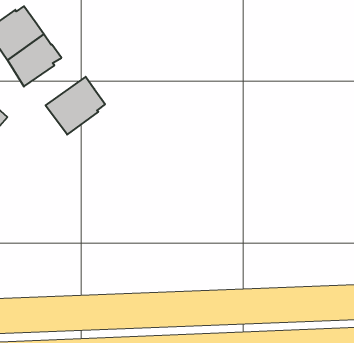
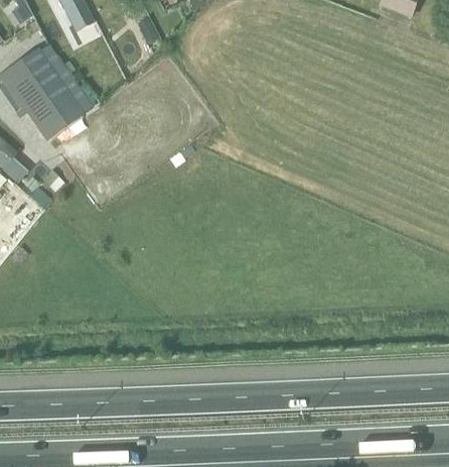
building: [46,77,105,135] -> none

